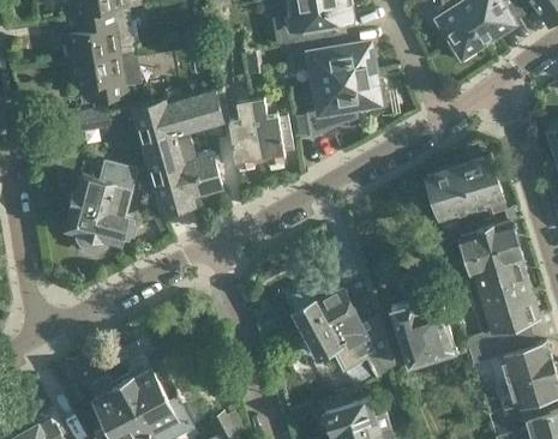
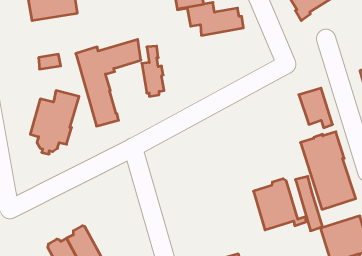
building: [70,52,142,103] -> none
building: [306,73,383,142] -> none
building: [251,97,294,168] -> none
building: [176,137,223,198] -> none
building: [426,170,472,234] -> none
building: [292,290,395,379] -> none

